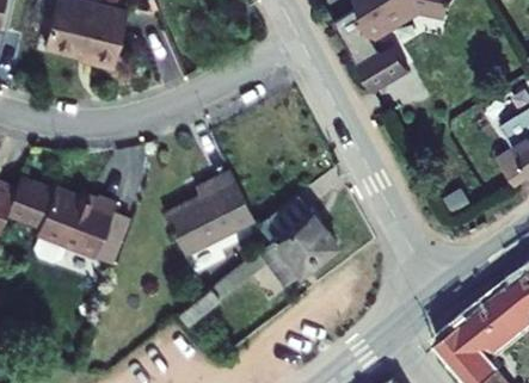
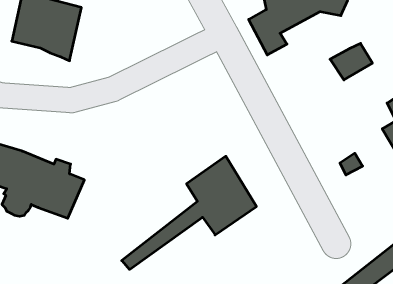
building: [355,49,406,93] -> [330,43,372,80]
building: [164,168,256,258] -> none

